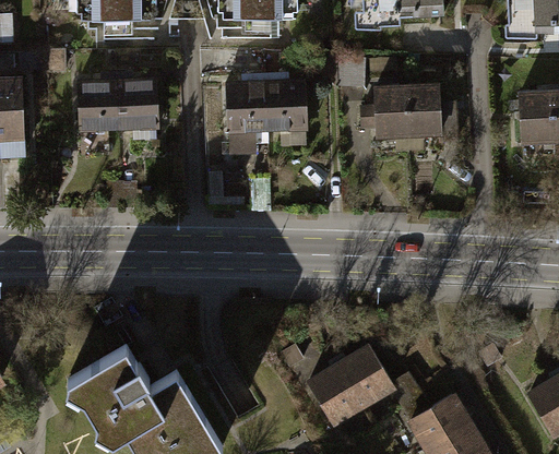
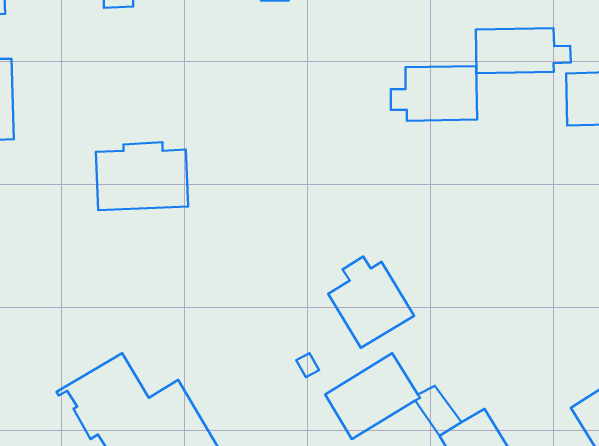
building: none -> [476,28,571,73]
building: [76,69,159,130] -> [96,142,188,210]
building: [223,79,305,133] -> none
building: none -> [328,257,414,348]

